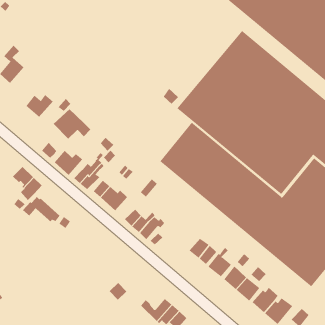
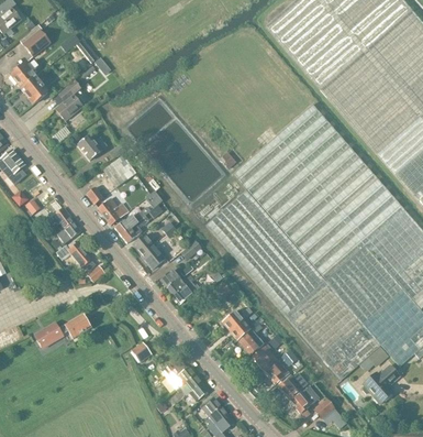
building: none -> [34,314,91,349]

